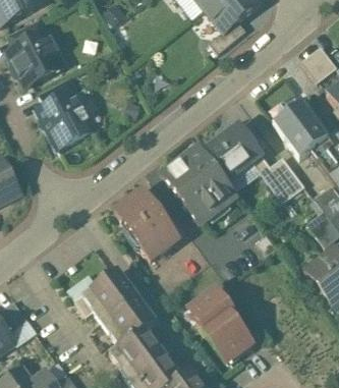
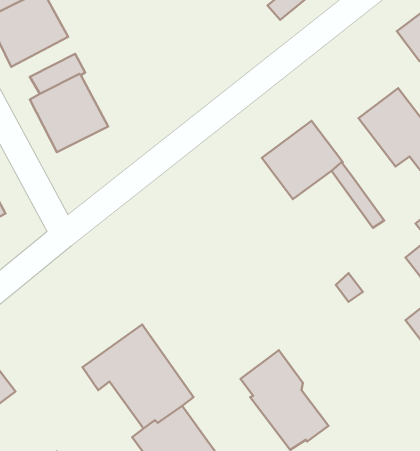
building: [163,147,236,224] -> none
building: [270,158,304,197] -> none
building: [115,190,179,261] -> none

